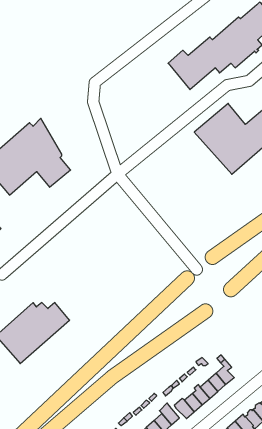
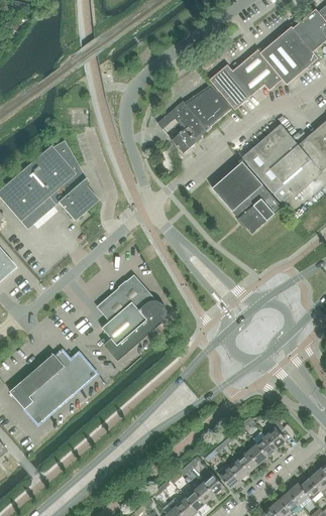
building: none -> [157,85,231,153]
building: none -> [213,161,283,234]
building: none -> [98,275,168,362]

